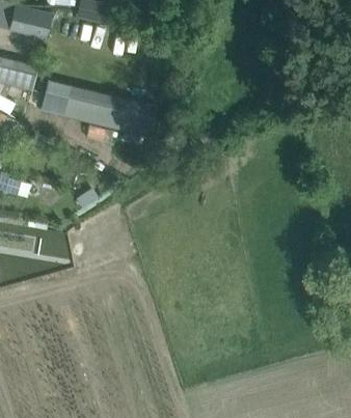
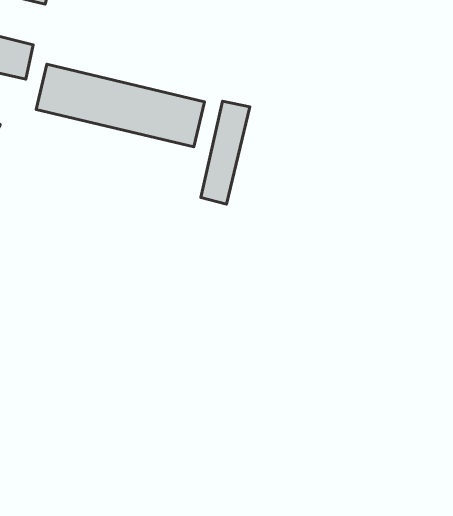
building: none -> [201,101,250,204]

